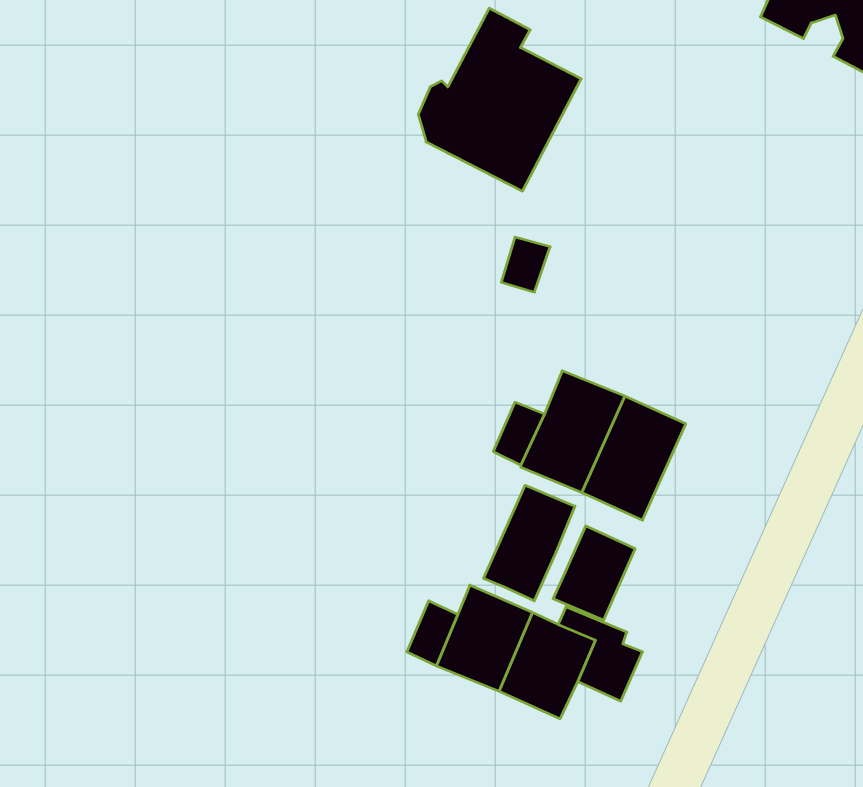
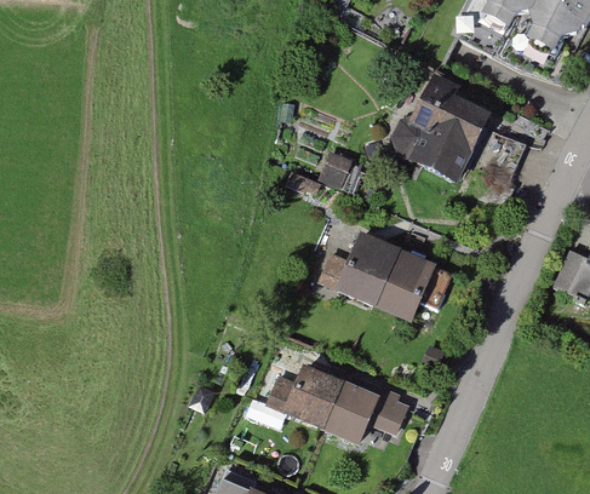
building: [418,8,581,191] -> [391,69,492,182]
building: [484,485,575,601] -> none
building: [553,526,635,620] -> none

